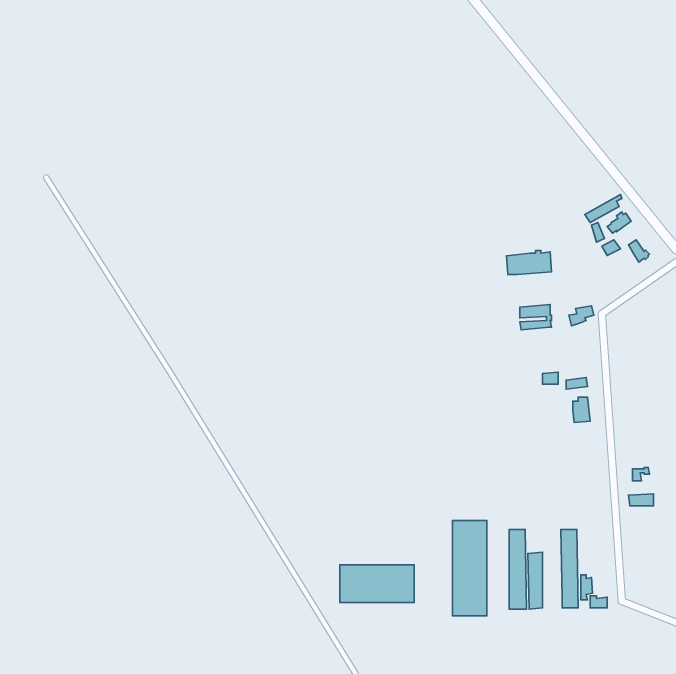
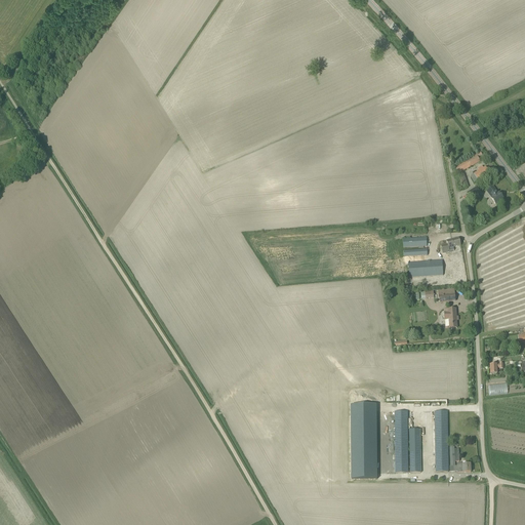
building: [506,251,551,274] -> [408,257,443,276]
building: [340,565,414,602] -> none

